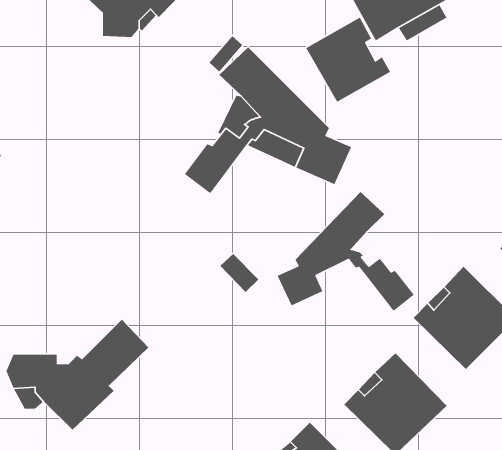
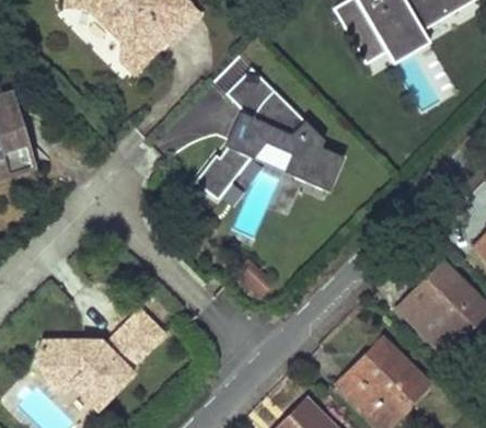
building: [305,16,391,103] -> none
building: [277,191,415,311] -> none

